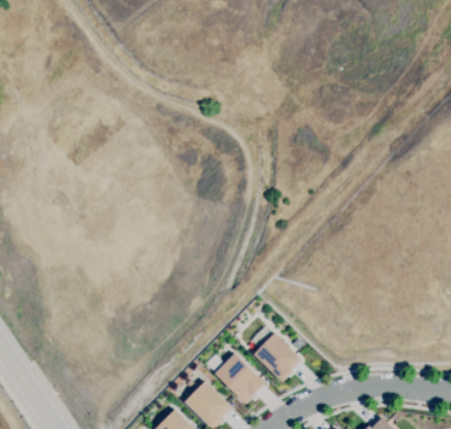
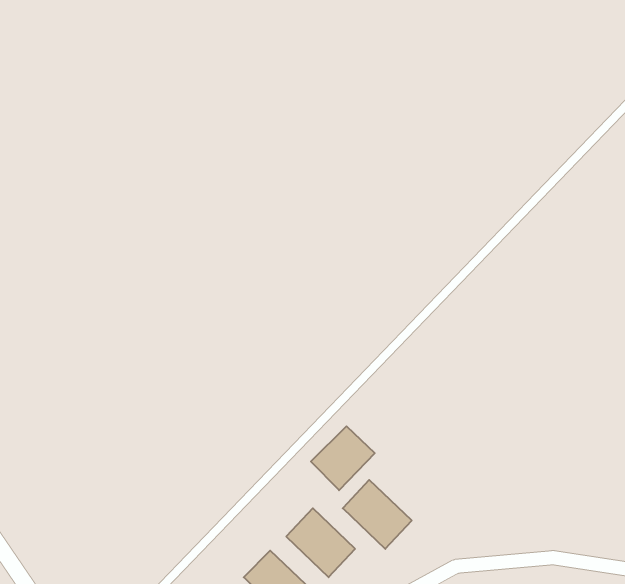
building: none -> [311,426,375,490]

